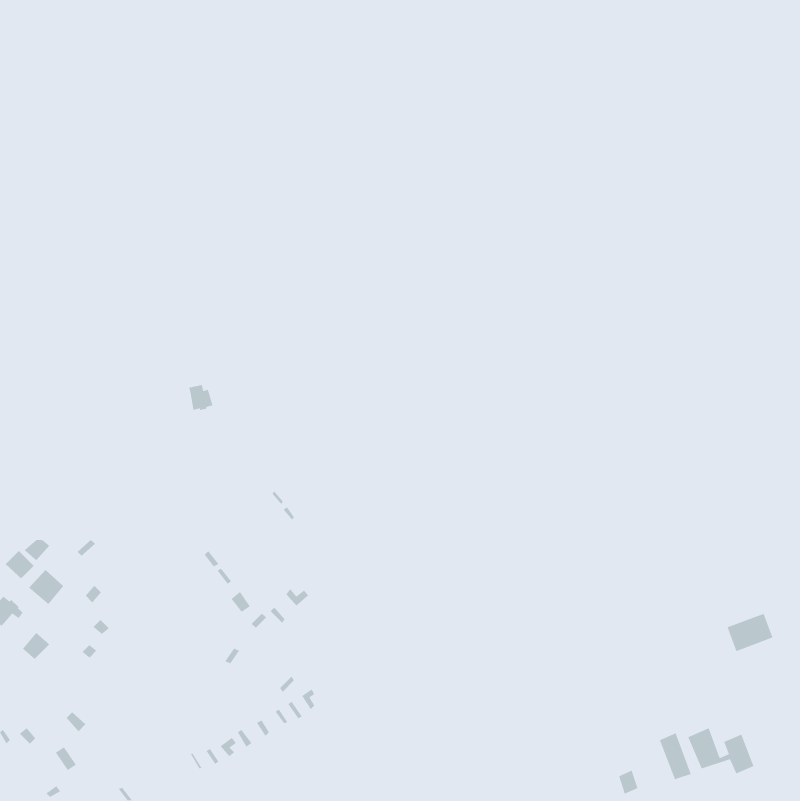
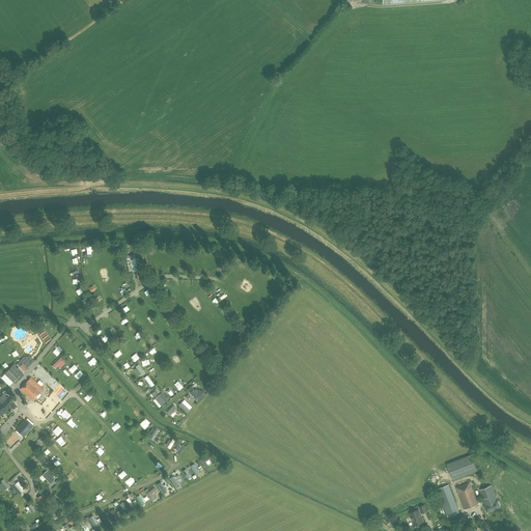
building: [726,613,773,652] -> [445,454,476,480]

